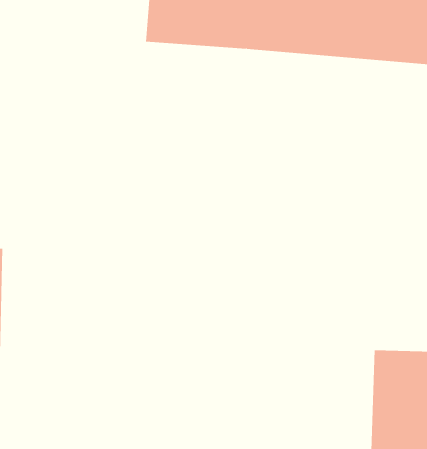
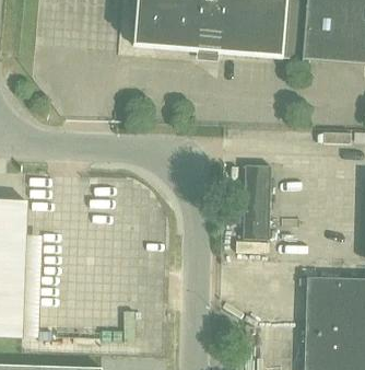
building: none -> [244,164,271,239]

